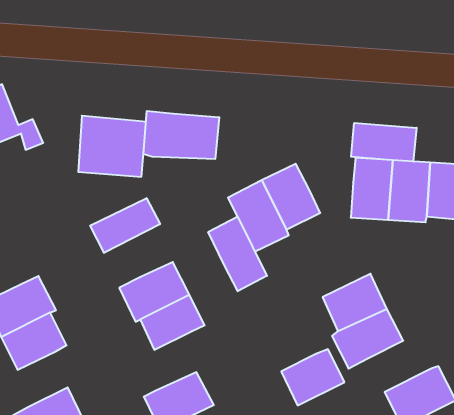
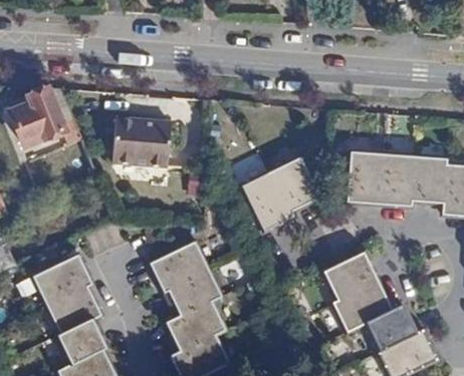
building: [144,111,219,159] -> none
building: [351,123,417,162] -> none
building: [90,198,160,253] -> none
building: [208,217,267,291] -> none
building: none -> [165,300,224,351]
building: [281,349,344,405] -> [362,304,416,352]
building: none -> [54,317,108,365]

